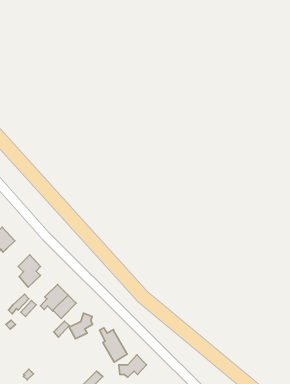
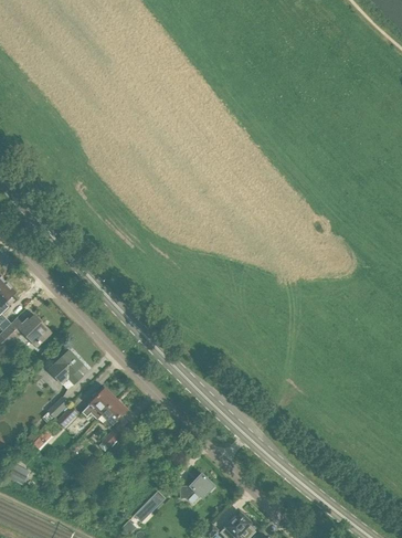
building: [69,313,92,339] -> none
building: [100,328,127,362] -> none

